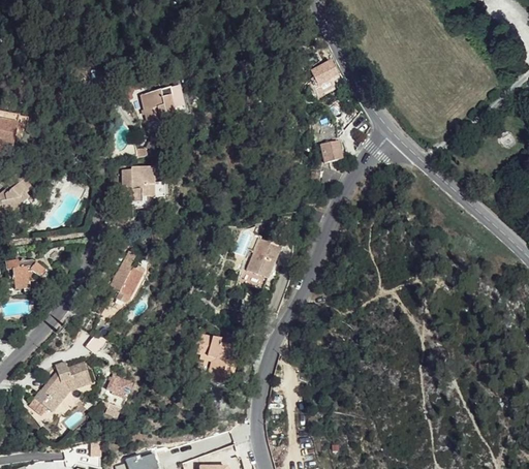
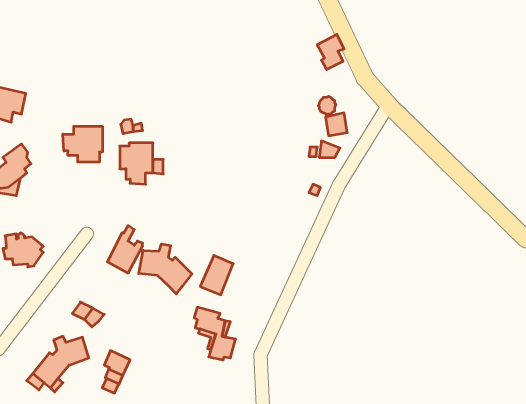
building: [139,88,174,123] -> none
building: none -> [63,126,102,162]
building: [246,239,279,278] -> [200,255,233,295]
building: none -> [139,244,192,294]

